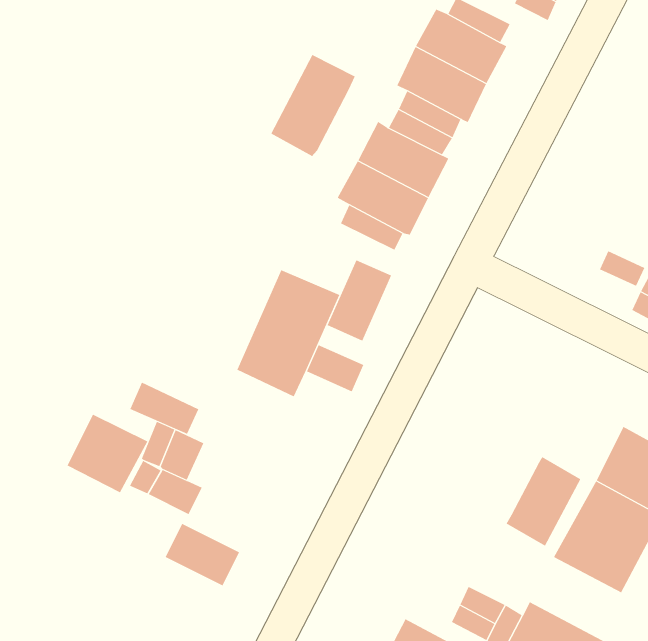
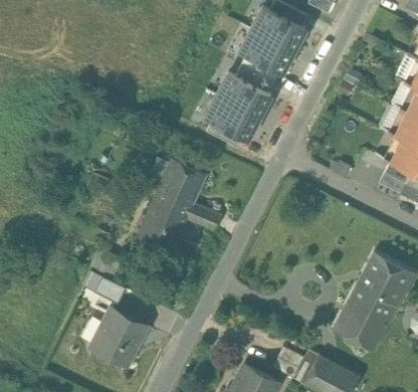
building: [270,54,356,157] -> none
building: [327,259,392,341] -> none
building: [129,382,199,435] -> [138,219,179,250]
building: [67,414,148,493] -> none
building: [506,456,581,547] -> none
building: none -> [90,330,137,367]

